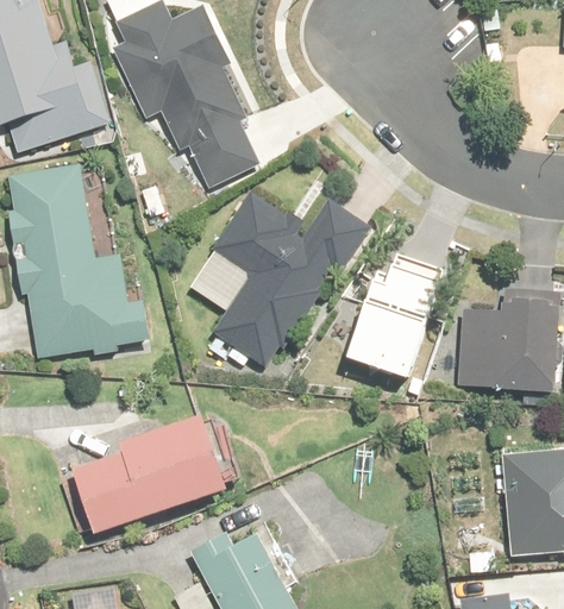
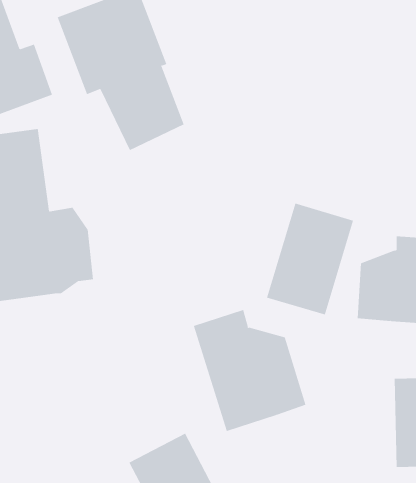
building: [193,197,351,373] -> none
building: none -> [193,309,306,432]
building: [58,421,224,544] -> none

